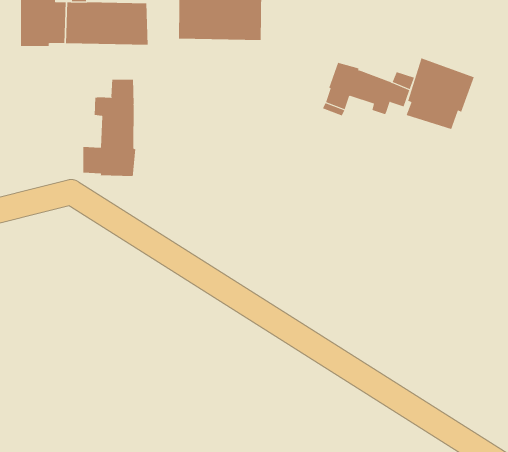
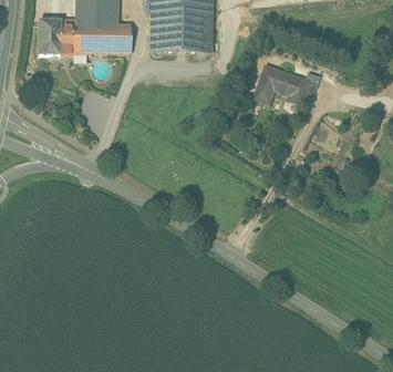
building: [406,58,475,130] -> none
building: [83,79,136,177] -> none

